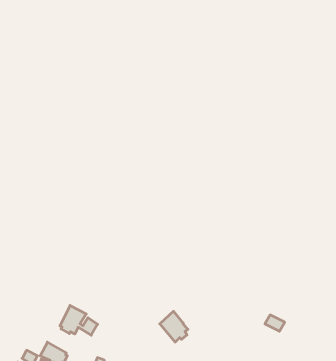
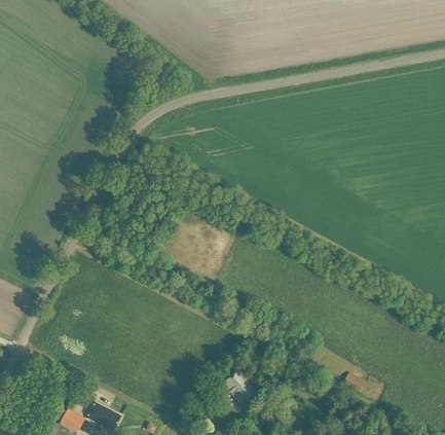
building: [60,305,98,335] -> none

